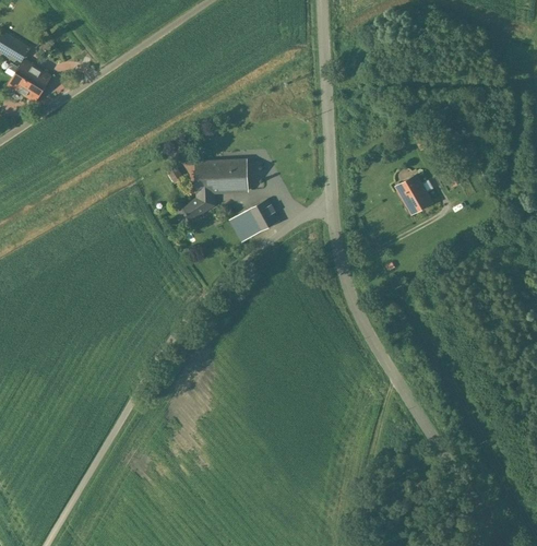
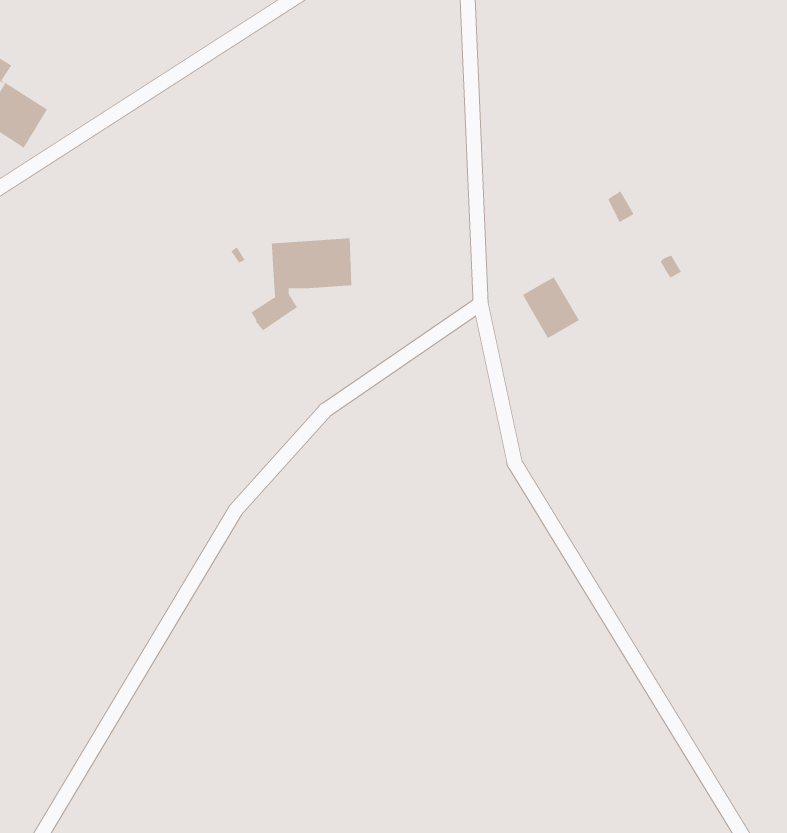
building: [396,173,433,213] -> [522,276,580,339]
building: [231,198,279,240] -> none

